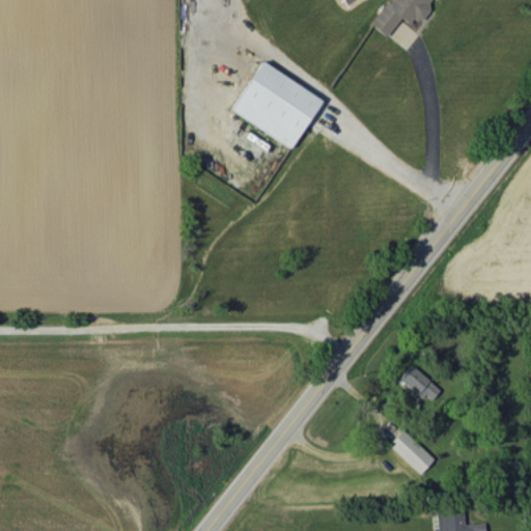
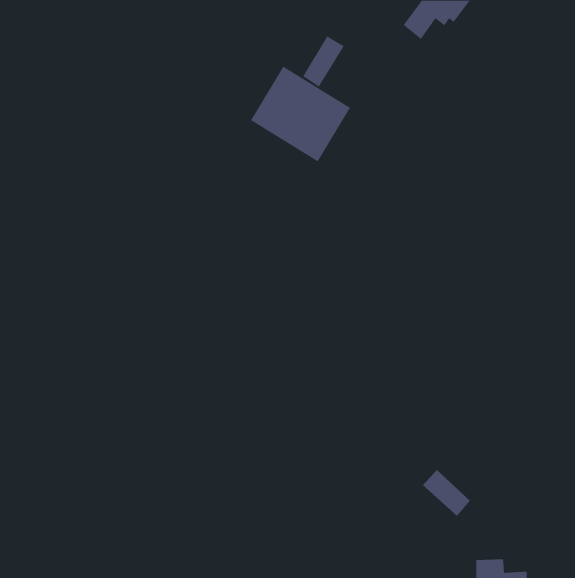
building: none -> [303,36,344,87]
building: [401,366,443,401] -> none

